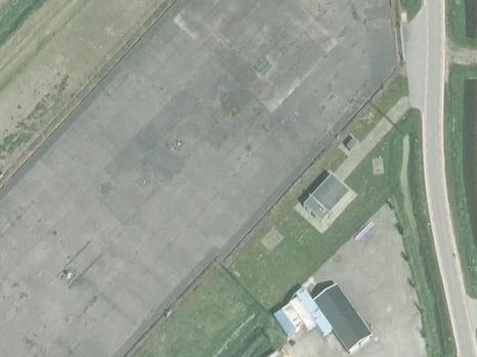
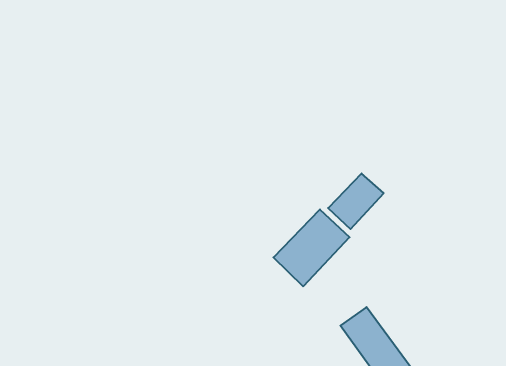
building: none -> [273,209,350,286]

